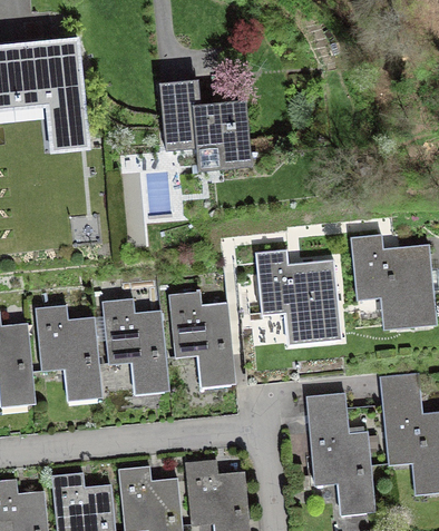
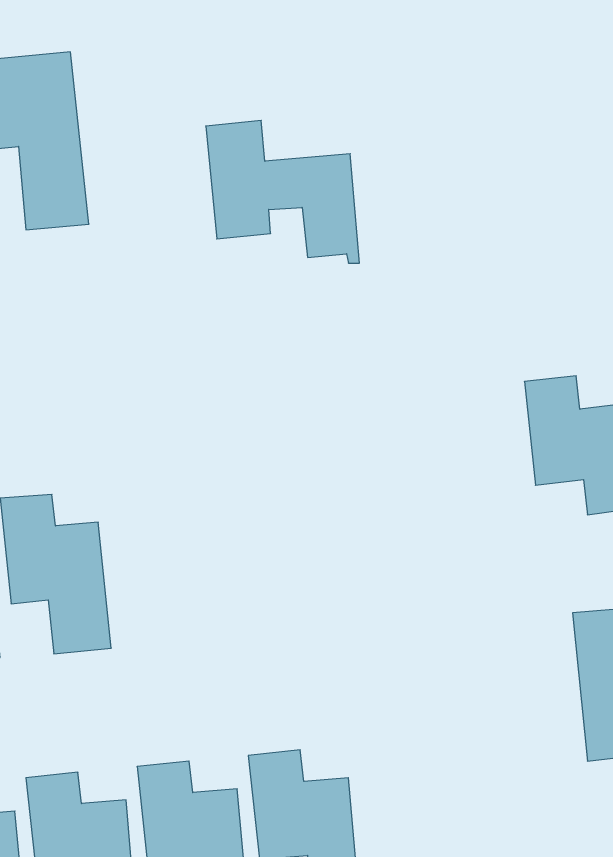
building: [255,250,341,341] -> none
building: [168,293,235,385] -> none
building: [101,299,168,392] -> none
building: [305,394,374,512] -> none

